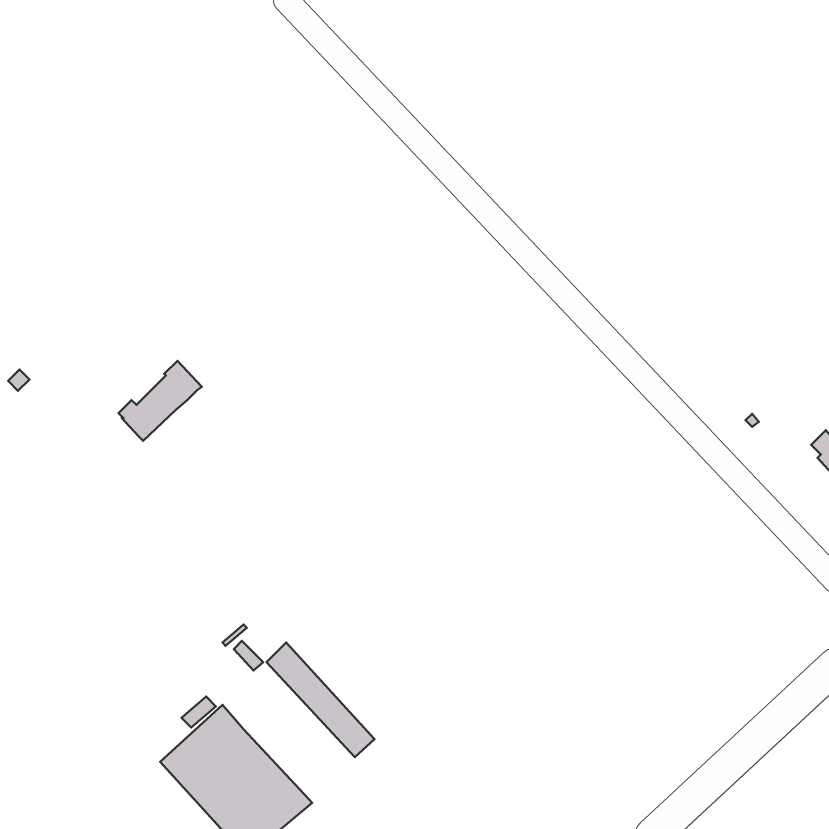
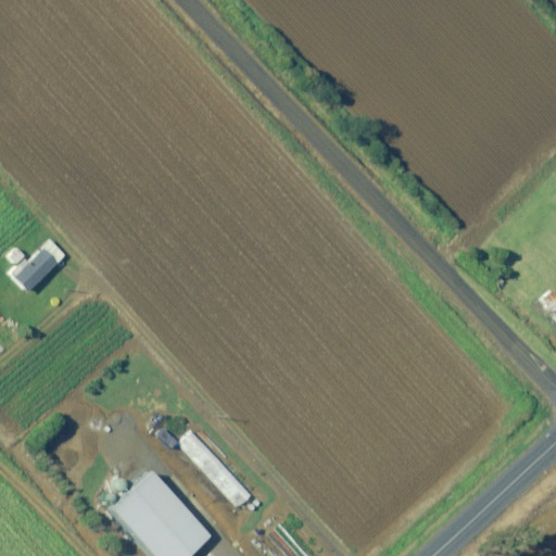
building: [119,361,202,441] -> [11,239,66,292]

